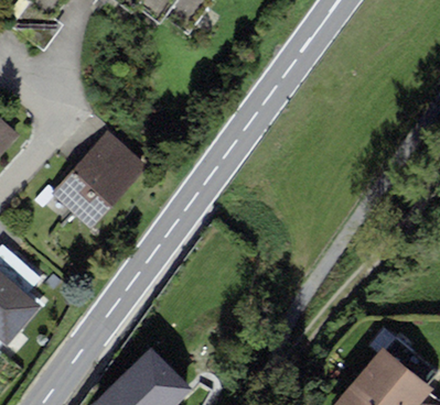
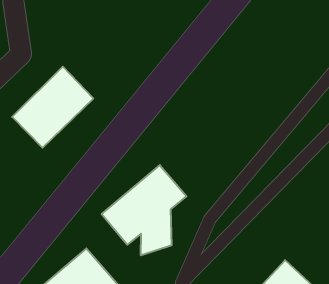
building: none -> [102,165,186,255]

